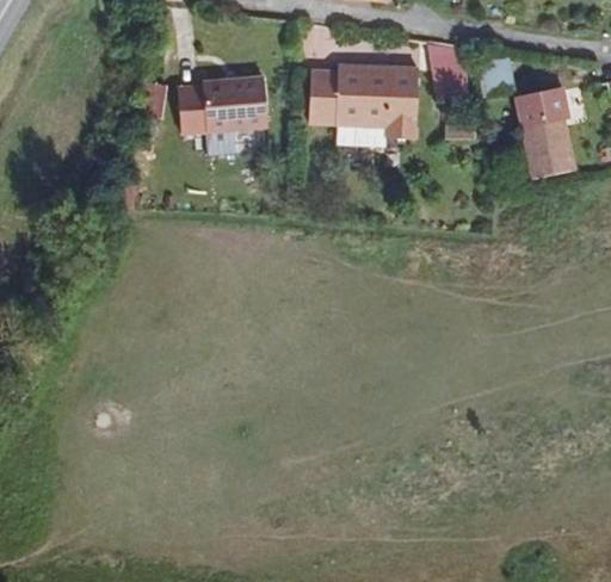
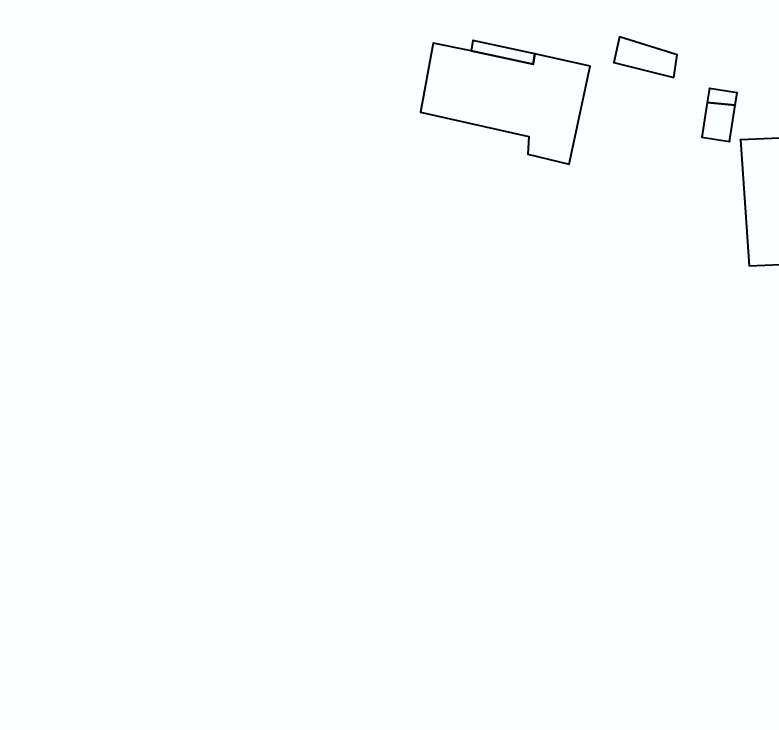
building: [175,79,263,129] -> none

